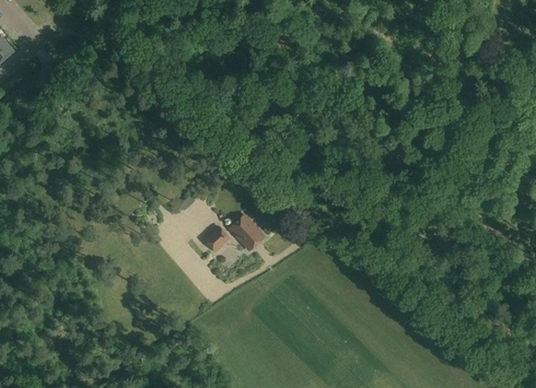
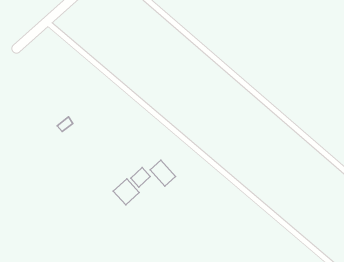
building: none -> [113,179,139,205]

